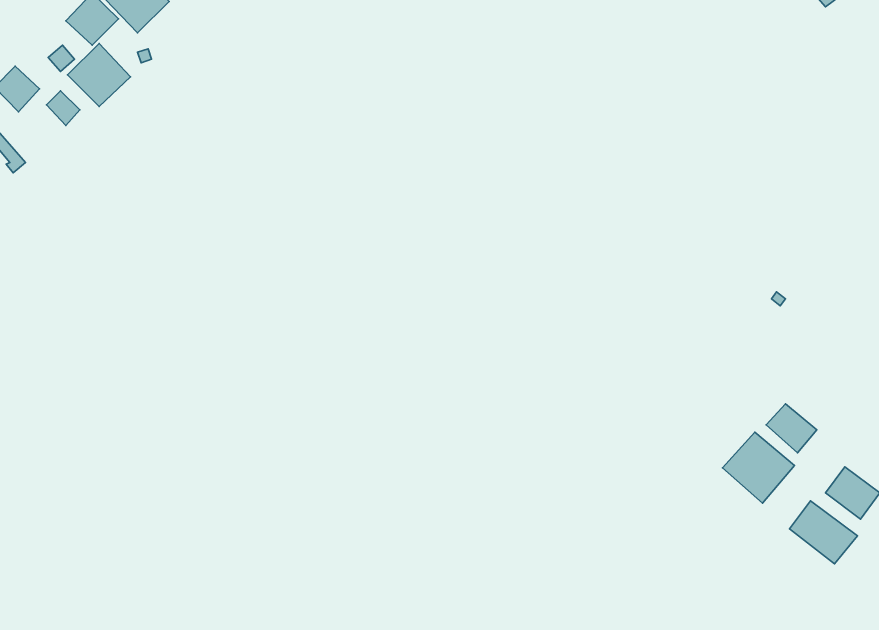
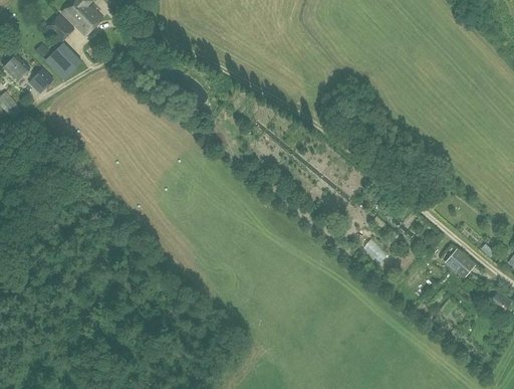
building: [723,432,795,503] -> none
building: [789,501,857,564] -> none

